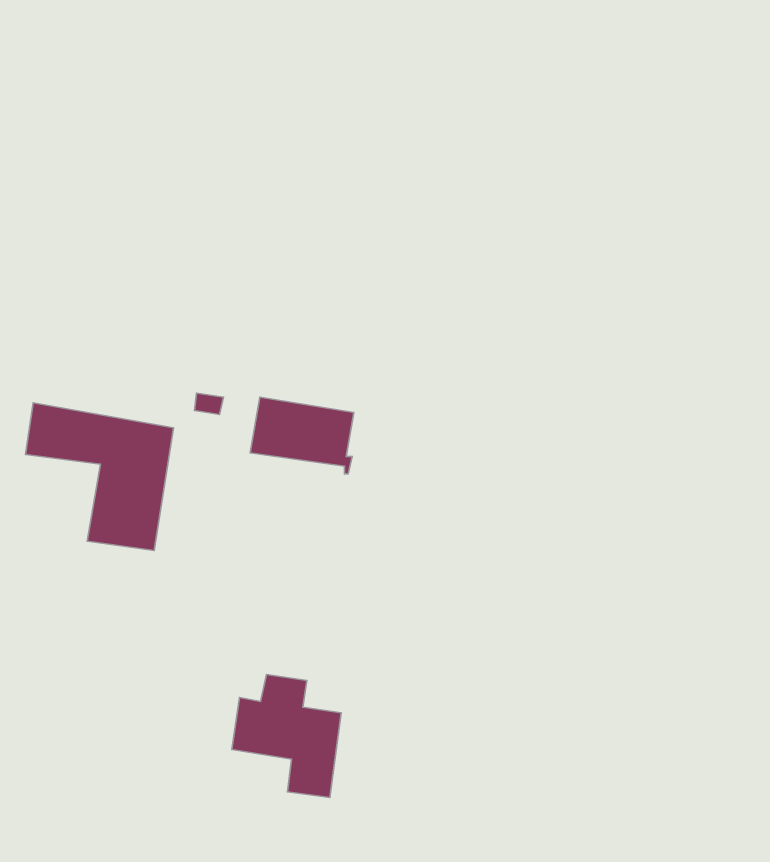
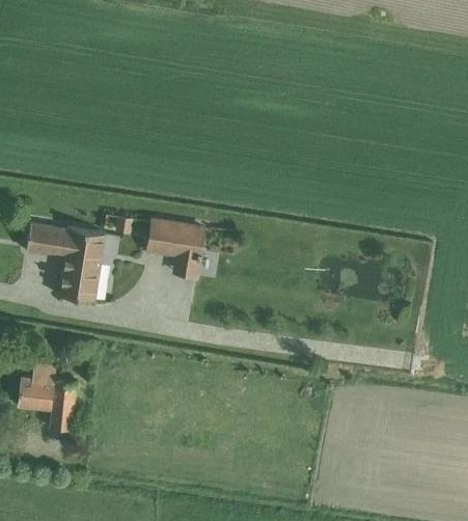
building: [232,675,341,797] -> [17,363,76,430]

